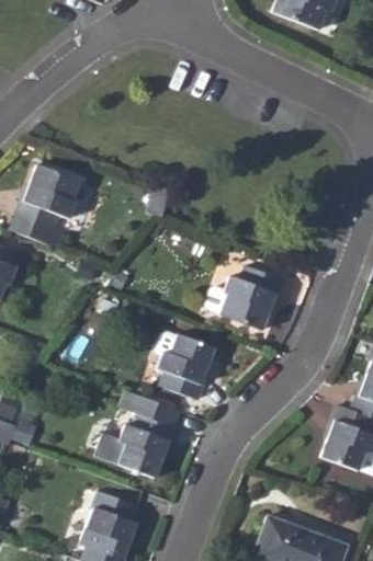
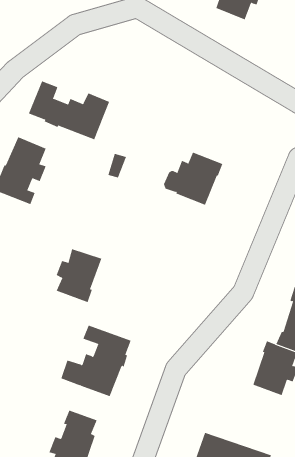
building: none -> [28,80,110,140]
building: [211,265,282,329] -> [163,152,223,205]
building: [159,336,214,401] -> [56,248,102,303]

